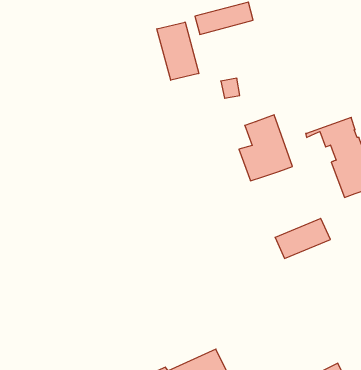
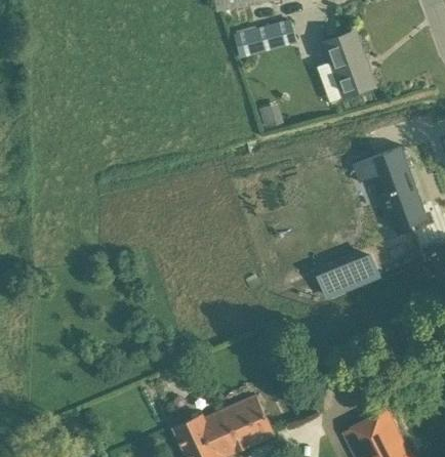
building: [157,22,199,80] -> none
building: [239,115,292,181] -> [317,31,374,101]

